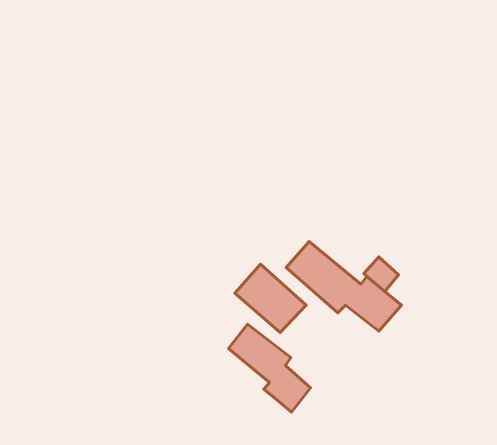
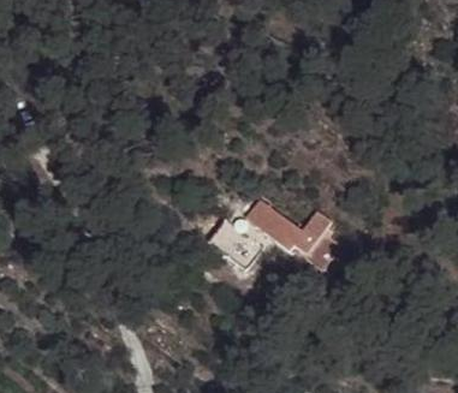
building: [229,324,311,412] -> none

